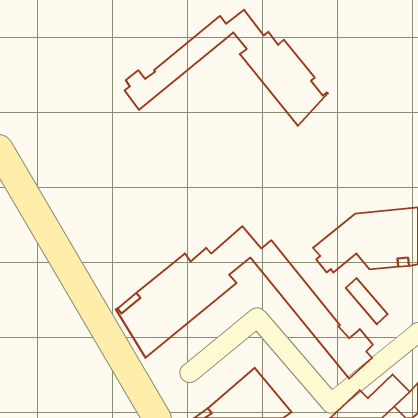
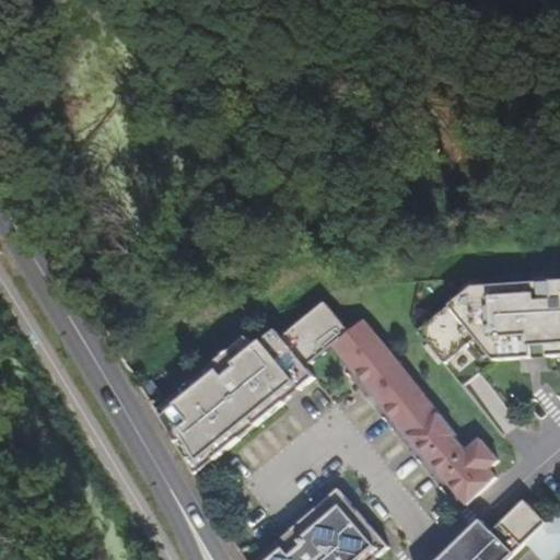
building: [125,10,328,126] -> none

